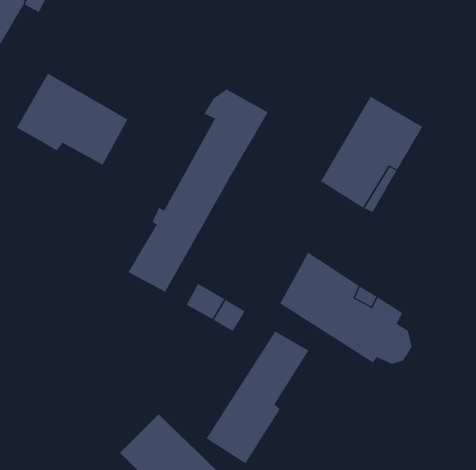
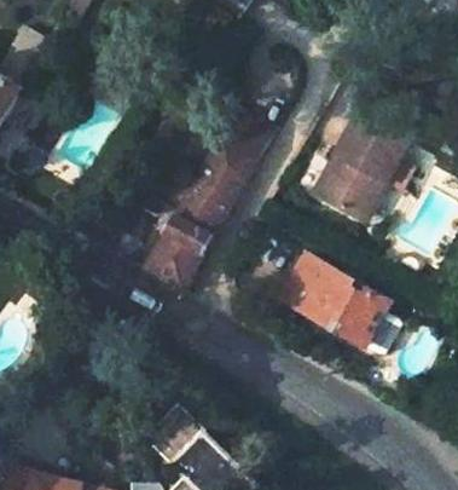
building: [16,73,128,166] -> none
building: [206,330,309,464] -> none

